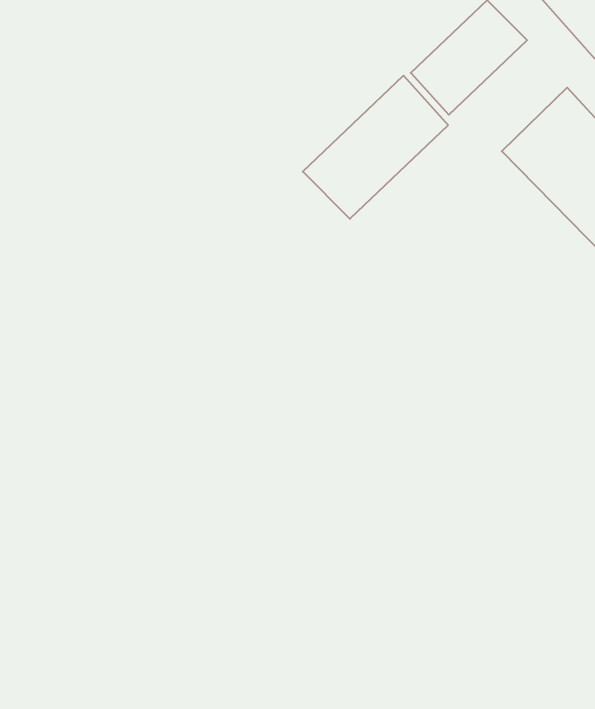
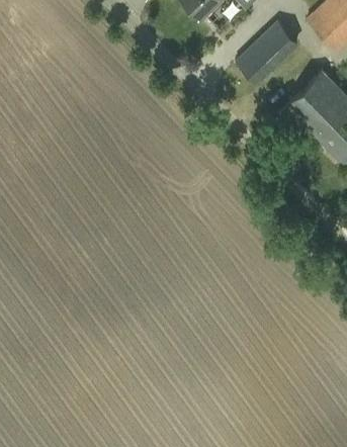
building: [303,76,448,219] -> none

